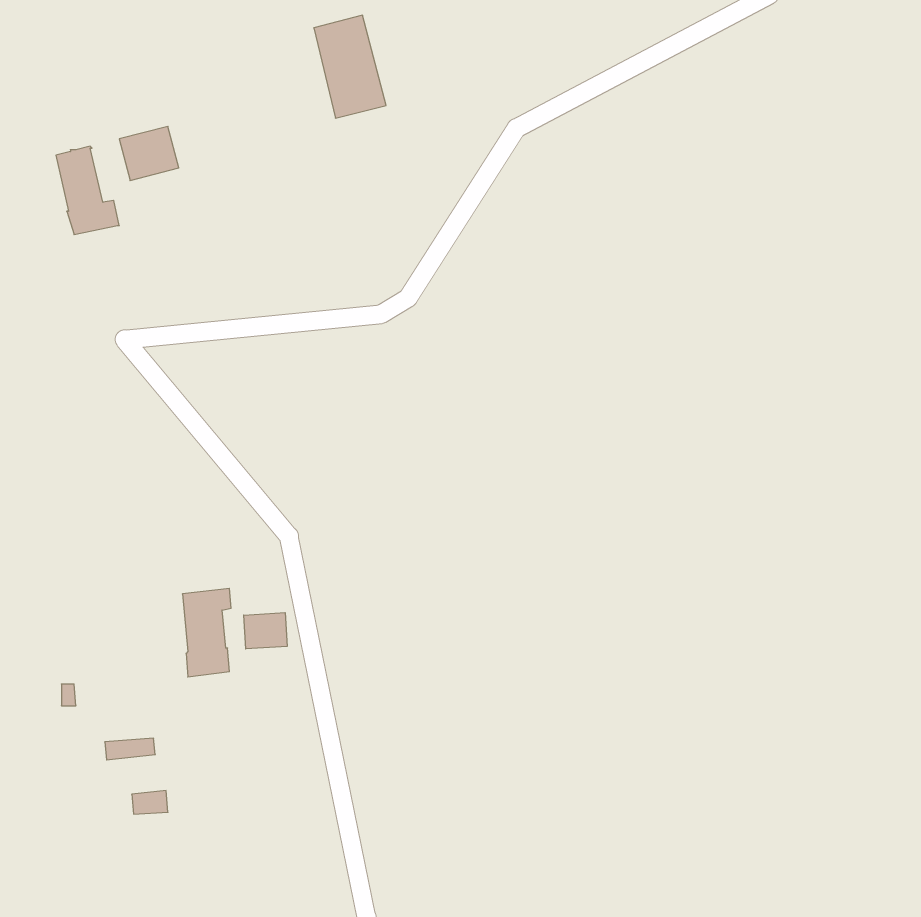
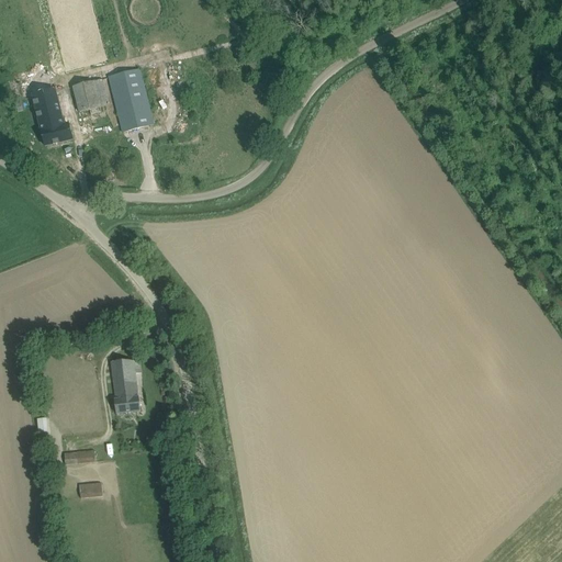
building: [314,15,386,118] -> [109,67,153,130]
building: [244,613,287,649] -> none

